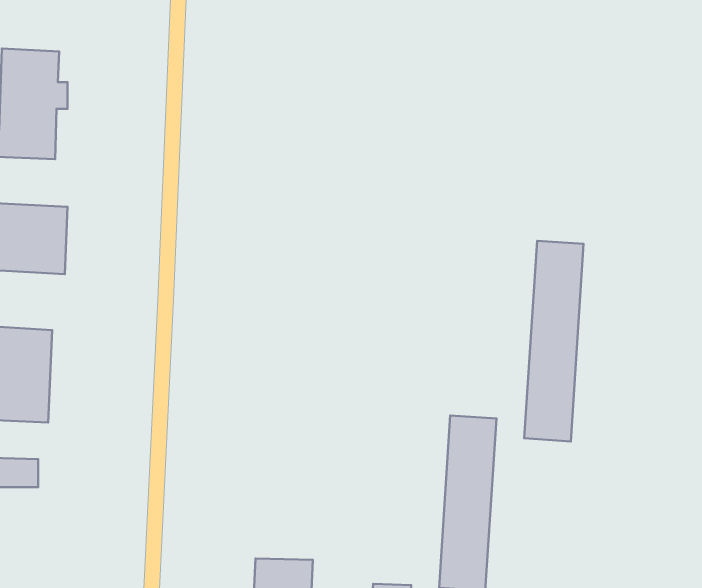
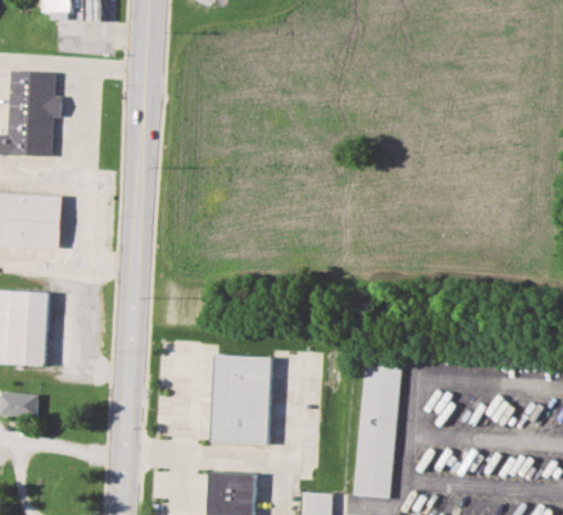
building: [524,241,584,441] -> none
building: none -> [212,356,270,444]

